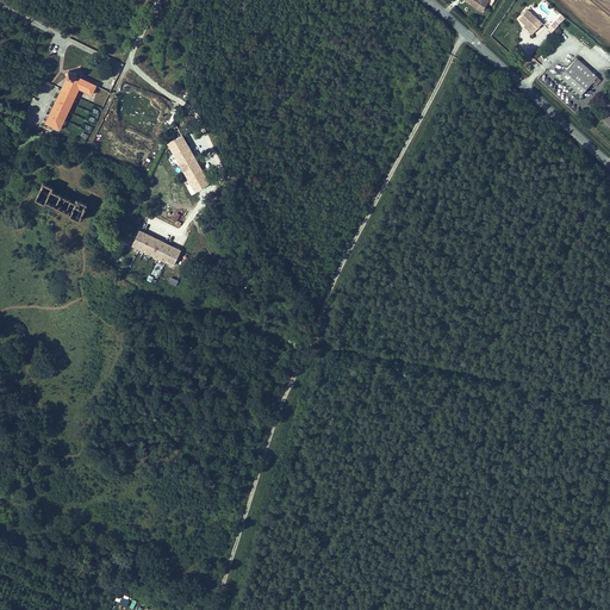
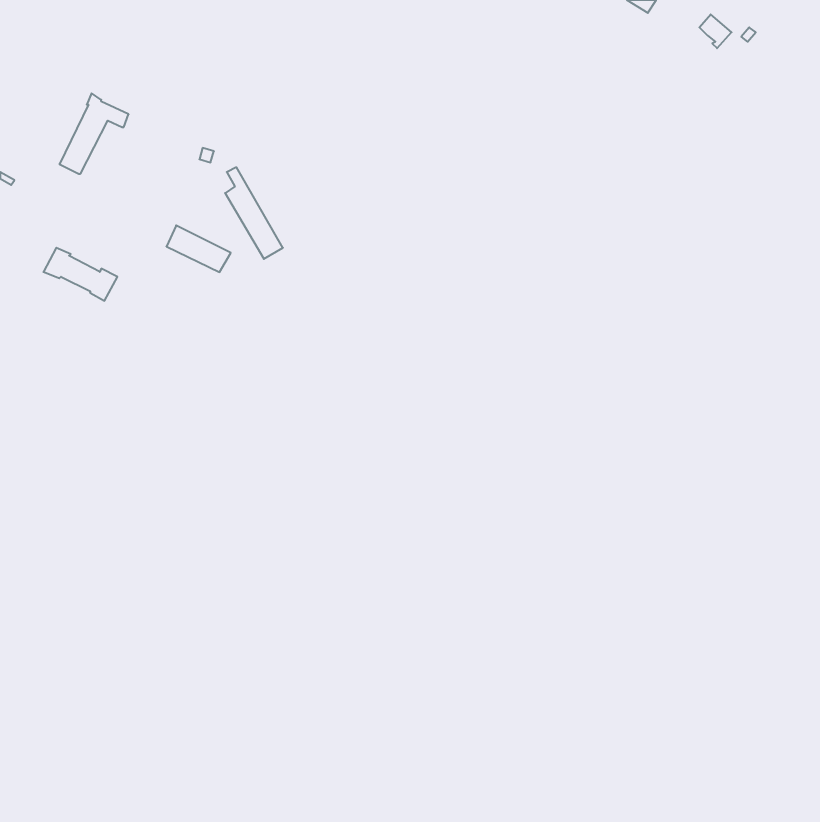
building: [560,58,597,95] -> none
building: [132,230,180,264] -> [166,225,231,272]

